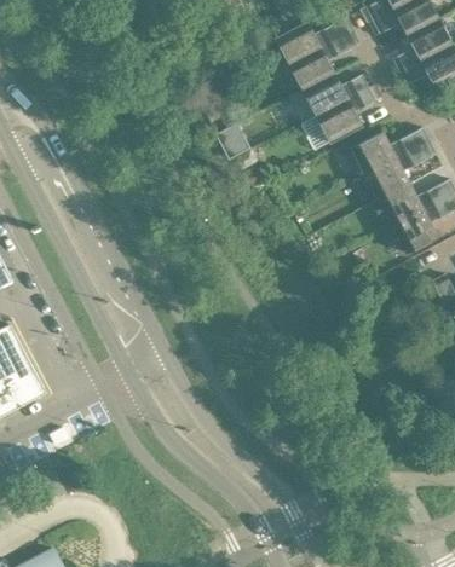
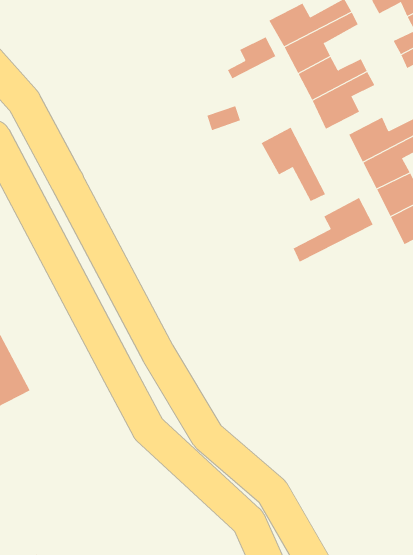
building: none -> [227,36,276,79]
building: none -> [261,127,326,202]
building: none -> [293,197,373,262]

